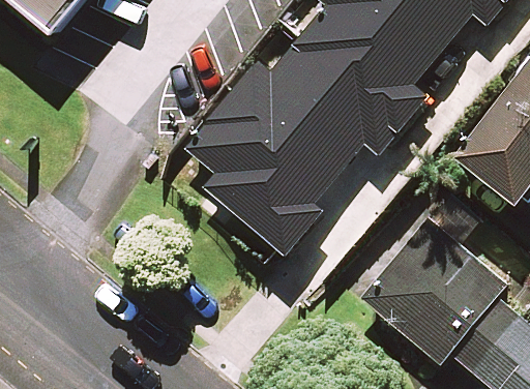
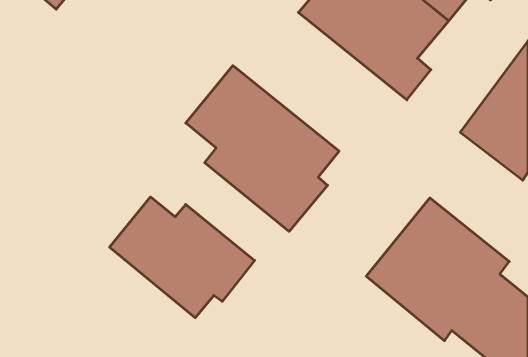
building: [231,37,404,175] -> none
building: none -> [110,197,255,318]

